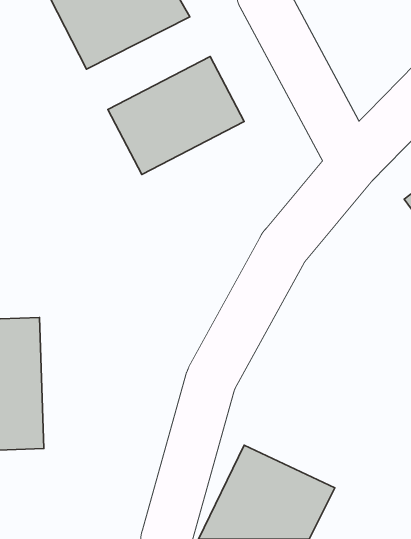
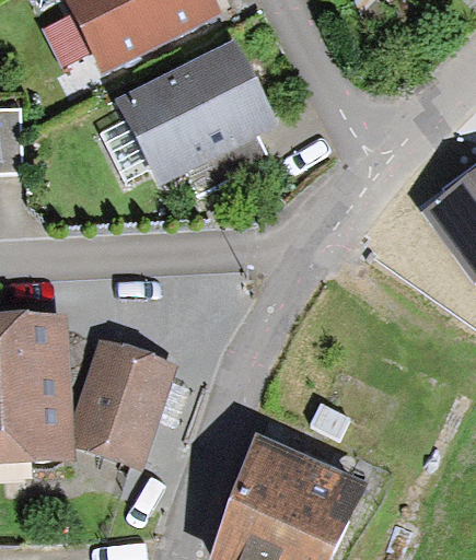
building: none -> [71,352,161,459]

